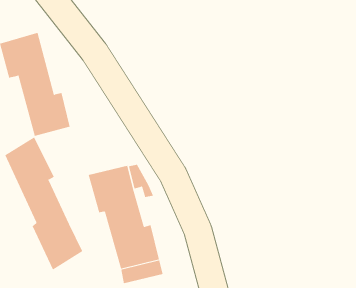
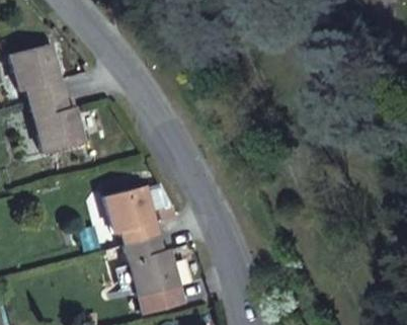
building: [4,136,83,271] -> none

